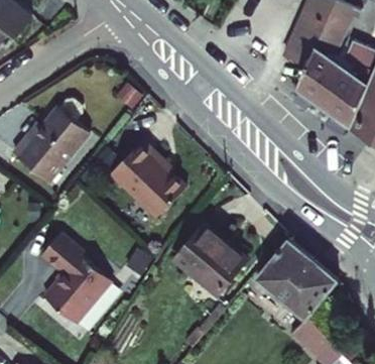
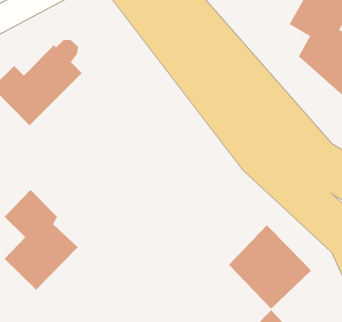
building: [112,140,188,219] -> none
building: [174,229,244,298] -> none

